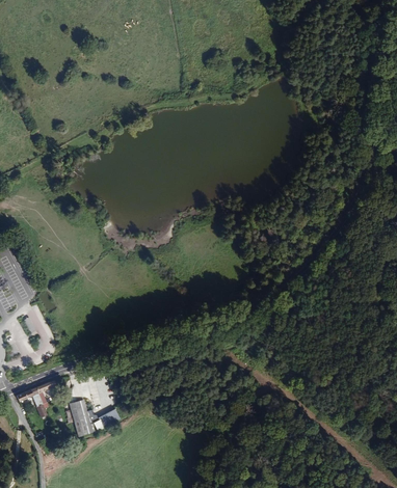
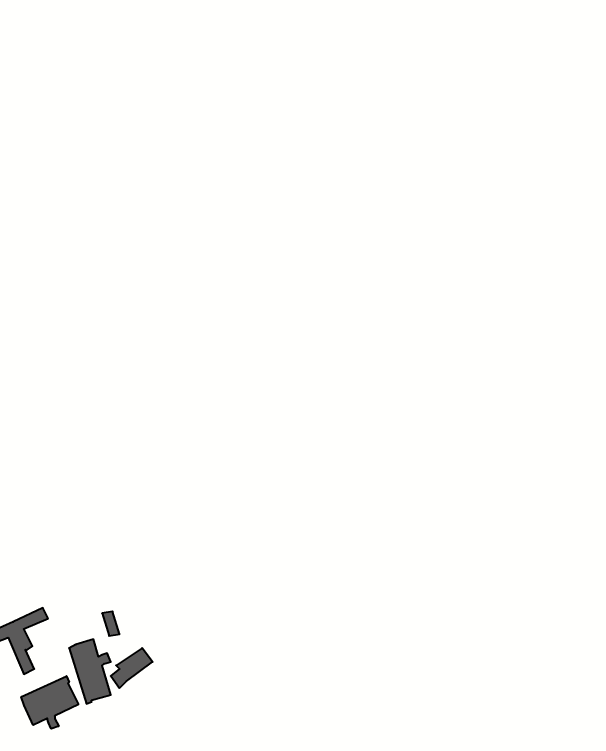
building: none -> [21,676,78,729]

